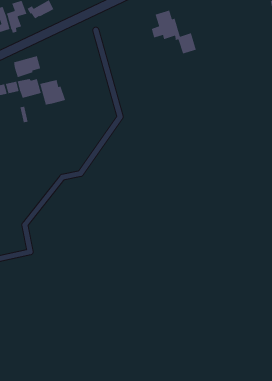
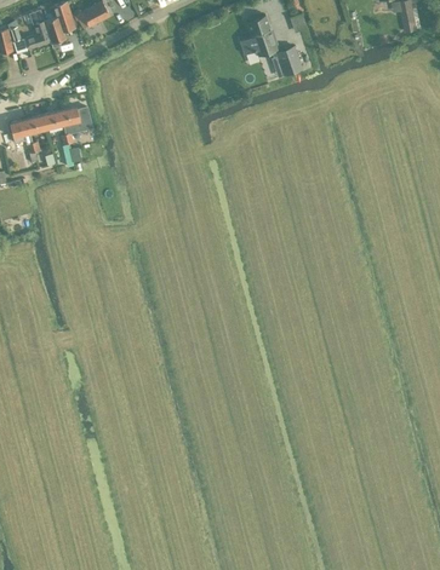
building: [13,55,41,78] -> none
building: [39,79,66,106] -> none

